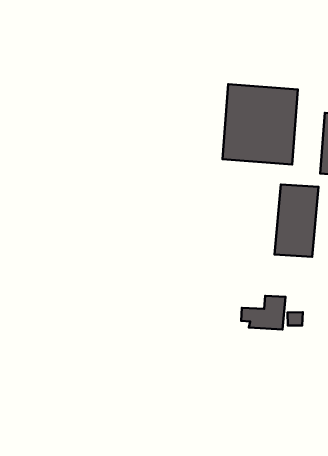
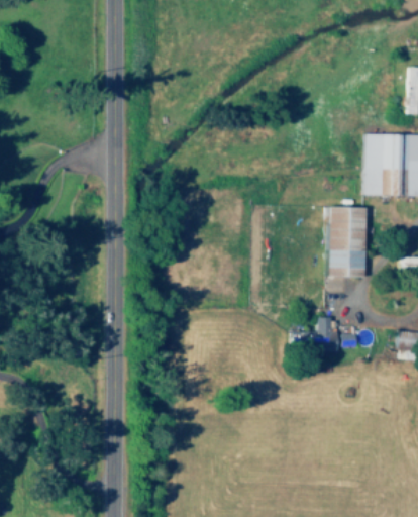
building: [223,84,298,164] -> none

